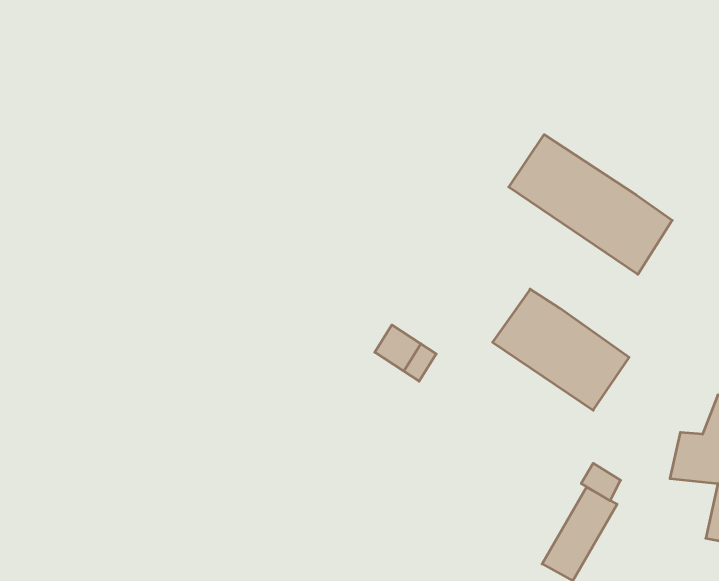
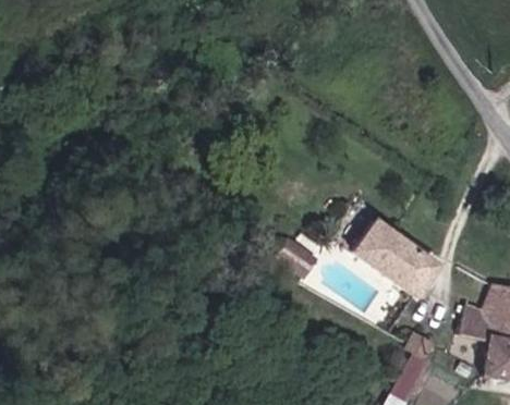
building: [509,135,672,274] -> none

